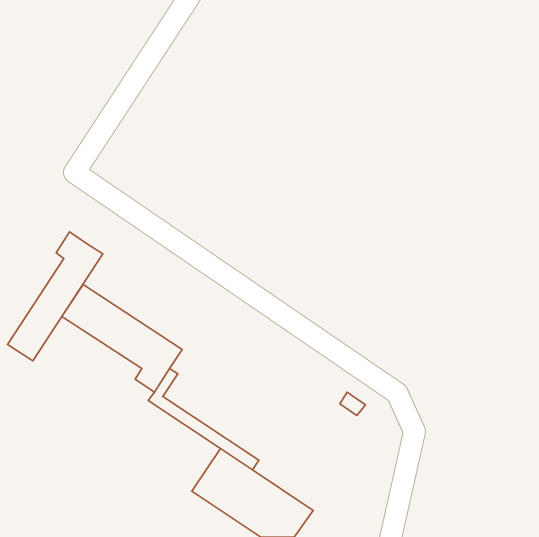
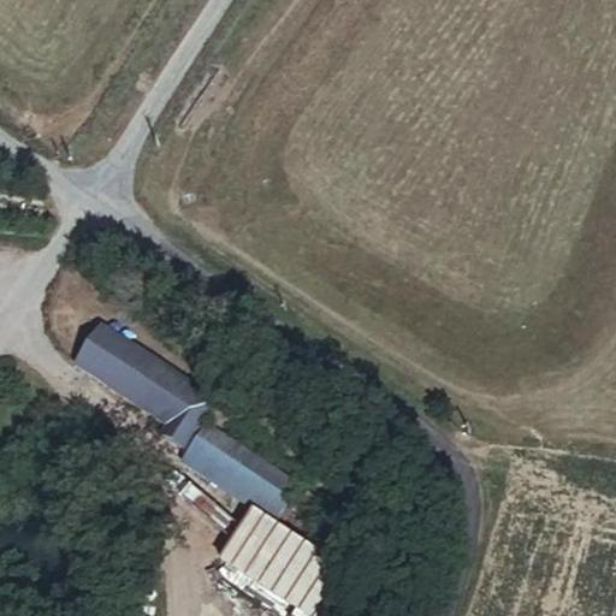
building: [7,232,103,361] -> none
building: none -> [184,422,309,520]

